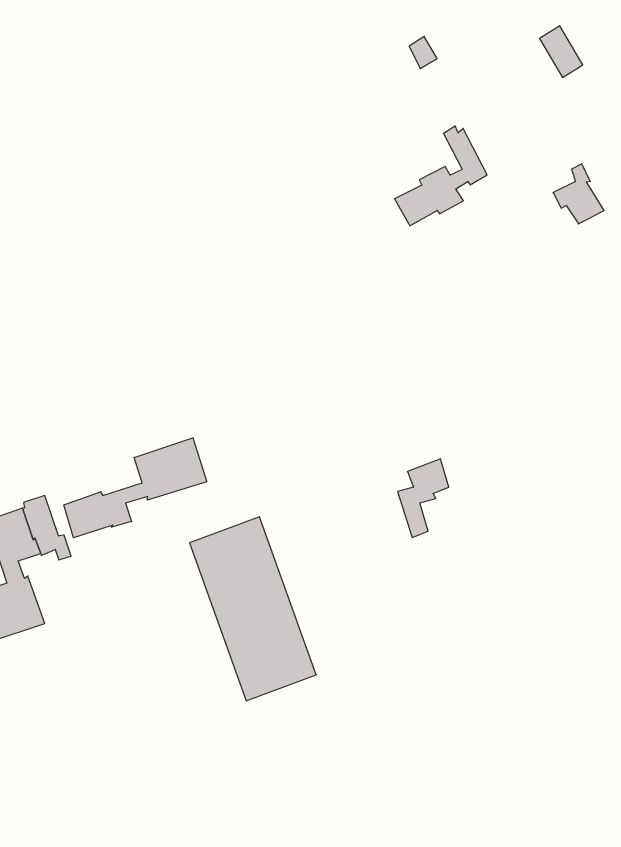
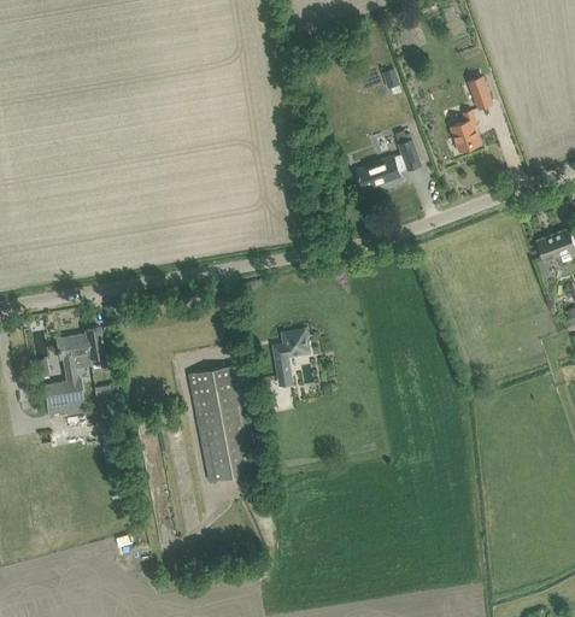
building: [553,164,604,224] -> [450,111,481,149]
building: [64,438,207,538] -> none
building: [398,459,449,538] -> [274,329,307,377]

